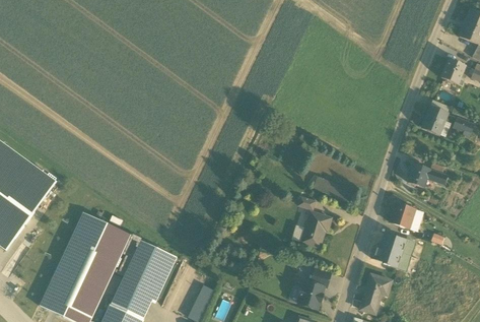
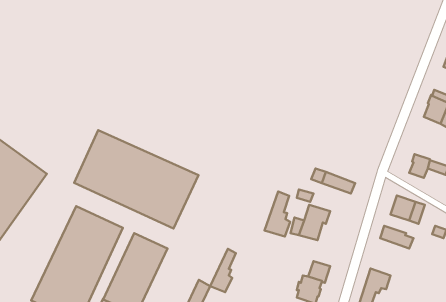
building: none -> [74,130,199,229]
building: none -> [265,191,290,236]
building: [371,244,408,267] -> none
building: none -> [210,249,236,292]

